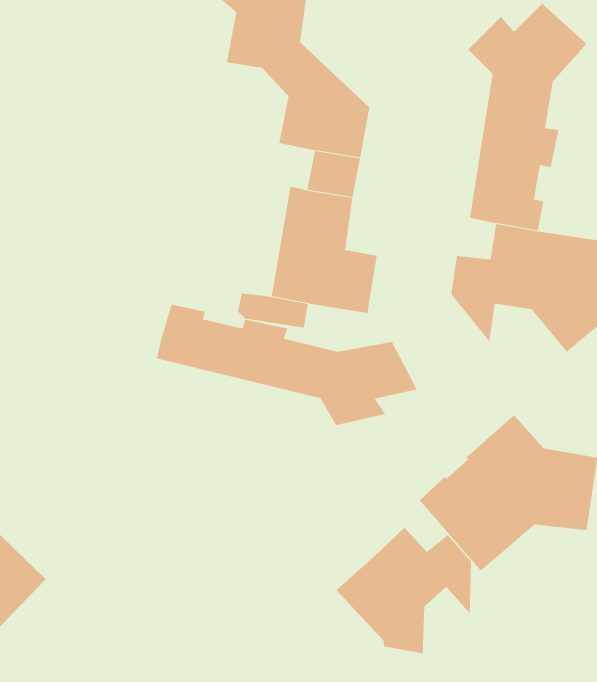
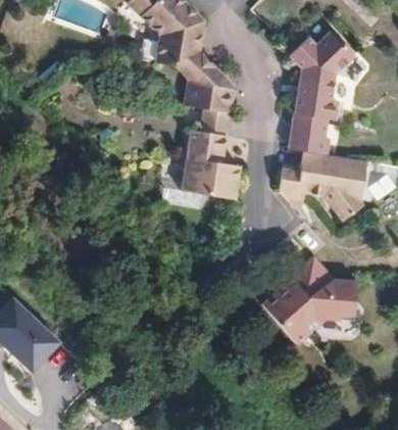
building: [156,304,417,426] -> none
building: [336,527,472,654] -> none

